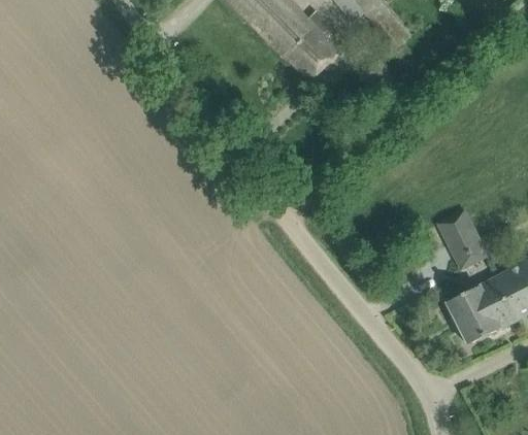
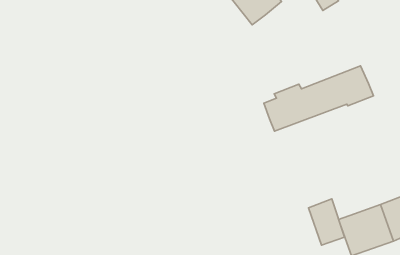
building: none -> [264,66,374,131]
building: [437,209,486,267] -> [308,199,344,245]

